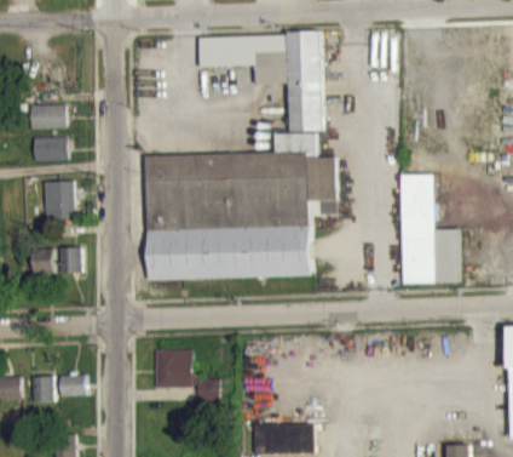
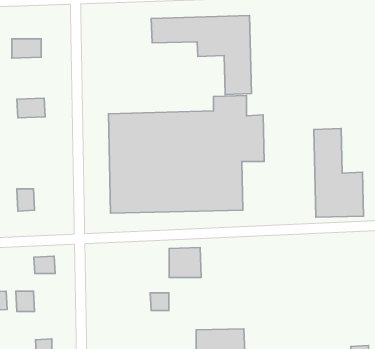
building: [29,104,65,128] -> [12,39,41,58]
building: [42,181,73,219] -> none
building: [59,247,81,273] -> none
building: [154,349,194,387] -> [169,247,201,278]
building: [59,373,86,395] -> [34,256,55,274]

